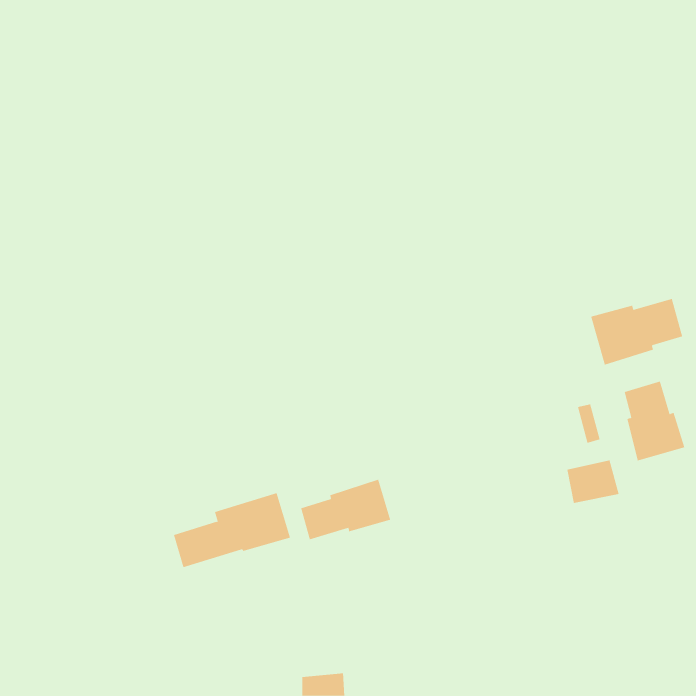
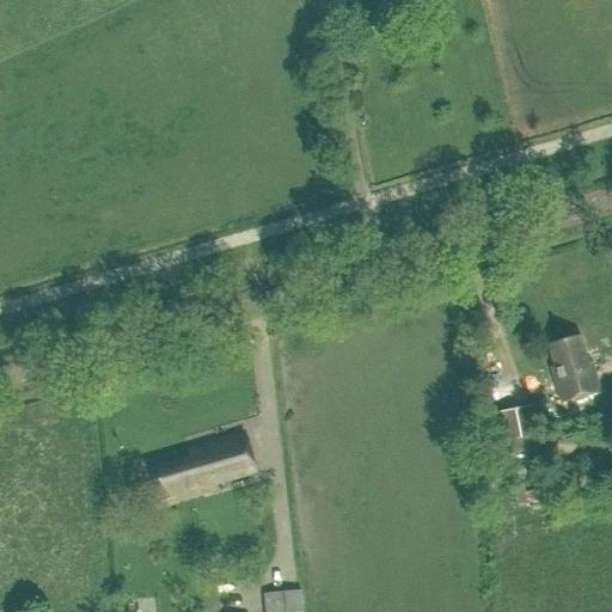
building: [590,298,683,365] -> none
building: [300,479,391,540] -> none

